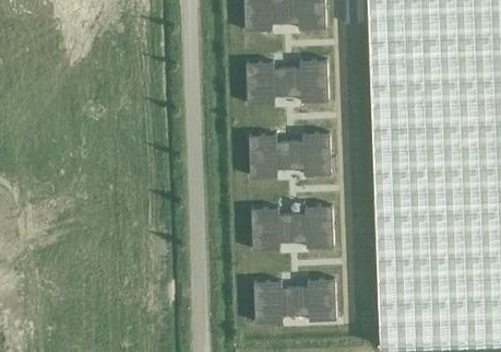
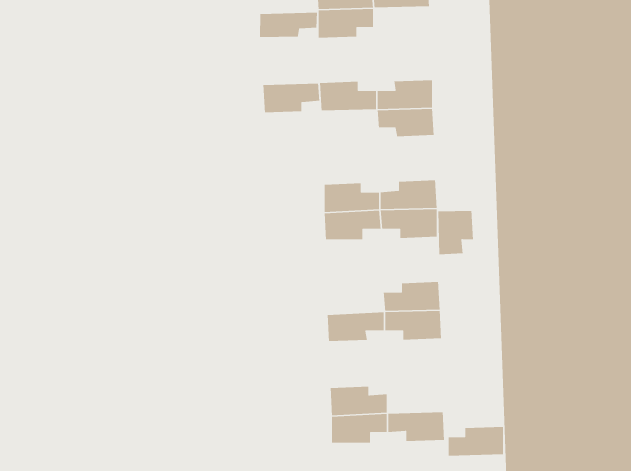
building: [286,8,327,28] -> none
building: none -> [259,12,318,38]
building: [248,82,289,104] -> [263,83,320,113]
building: none -> [437,210,474,255]
building: [252,208,294,230] -> none
building: [296,279,336,301] -> [448,426,504,456]

